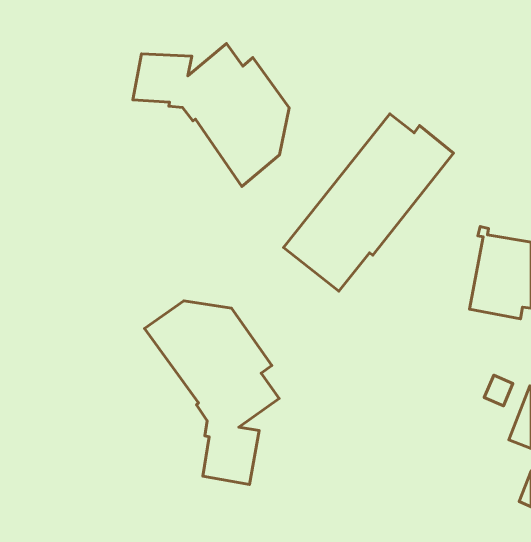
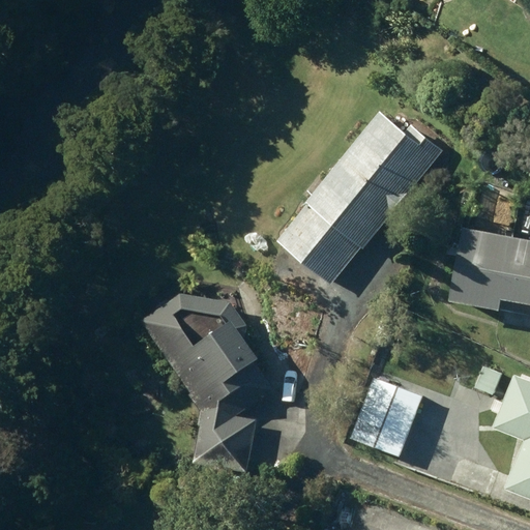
building: [133,44,289,186] -> none
building: none -> [349,377,419,457]

